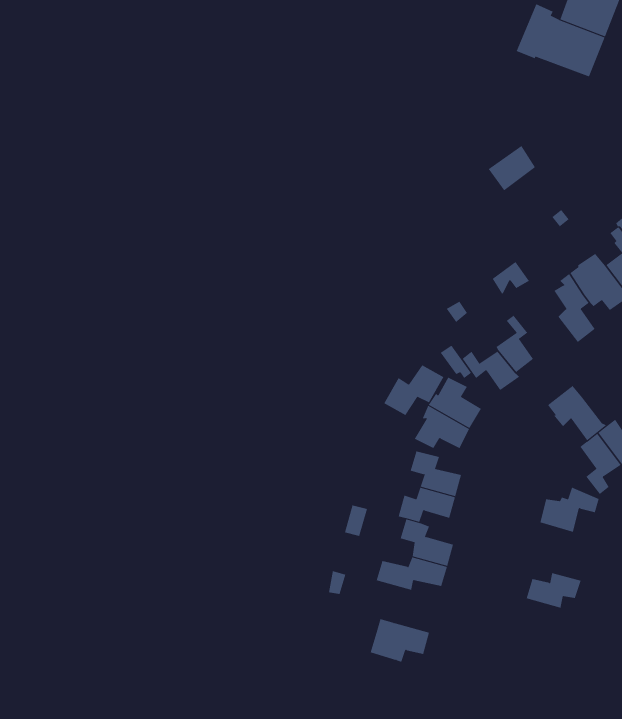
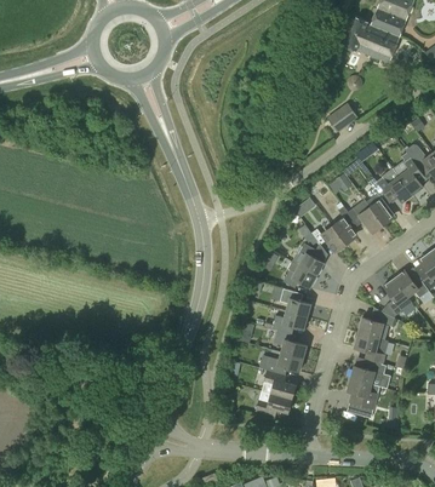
building: [384,365,444,416] -> none
building: [547,385,607,441] -> [348,200,384,234]
building: none -> [354,332,388,363]
building: none -> [262,369,296,399]
building: none -> [347,378,379,418]

